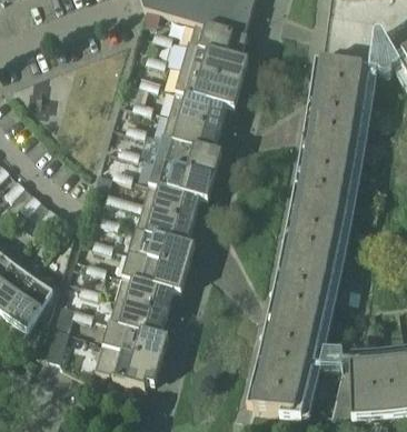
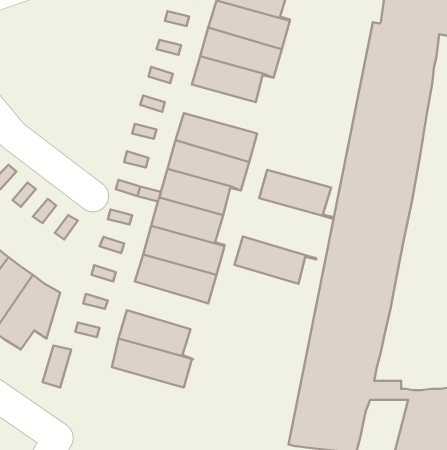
building: [162,110,224,150] -> [259,170,334,219]
building: [116,271,182,310] -> [235,236,316,284]
building: [96,341,162,384] -> none

